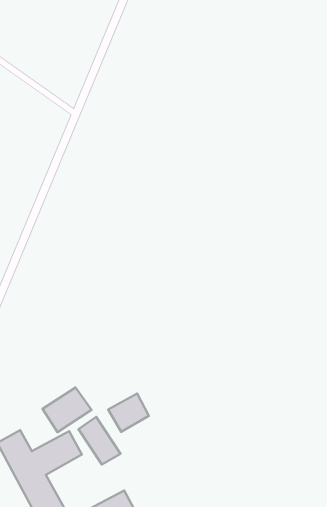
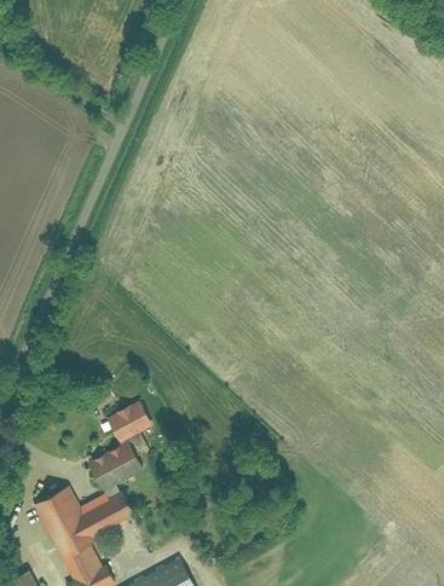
building: [108,393,149,432] -> [105,399,151,442]
building: [78,417,120,465] -> none

